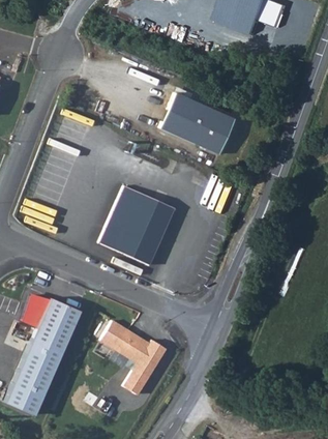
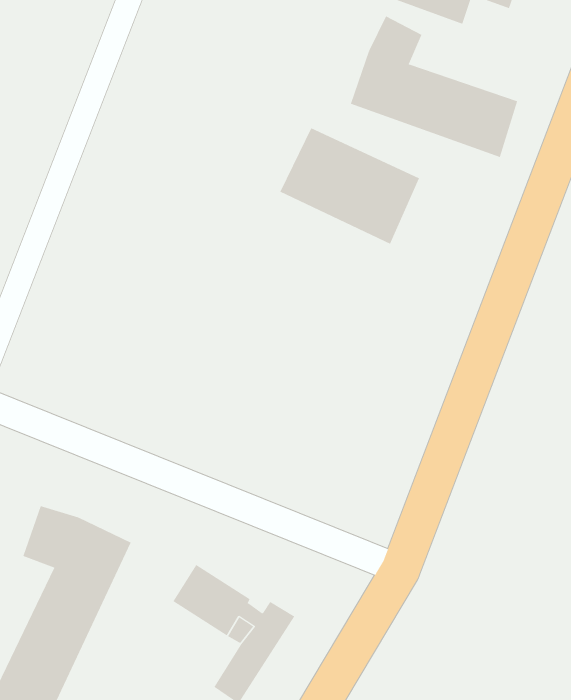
building: none -> [350,16,518,158]
building: [98,184,175,264] -> none

